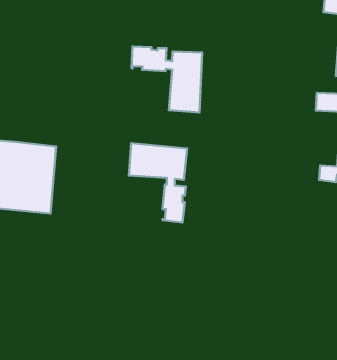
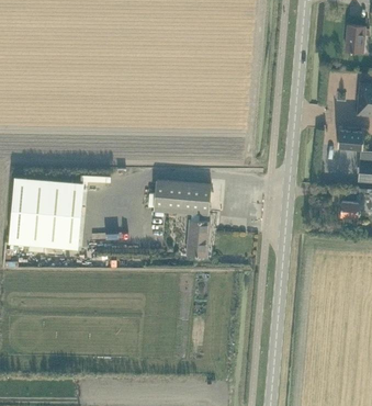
building: [132,47,202,113] -> none

